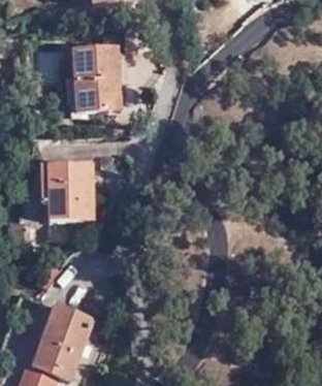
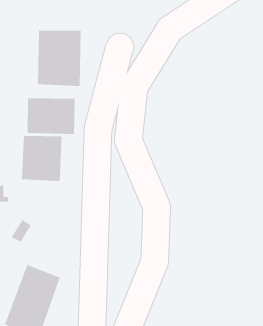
building: none -> [27,98,75,135]

